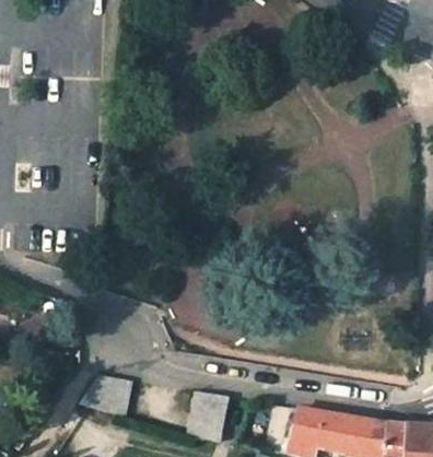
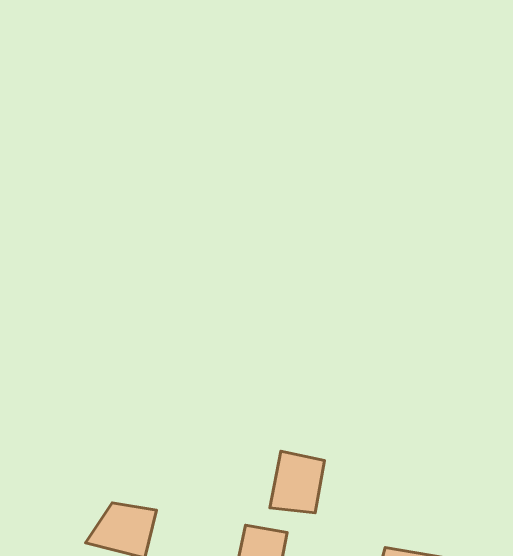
building: none -> [270,451,324,513]

